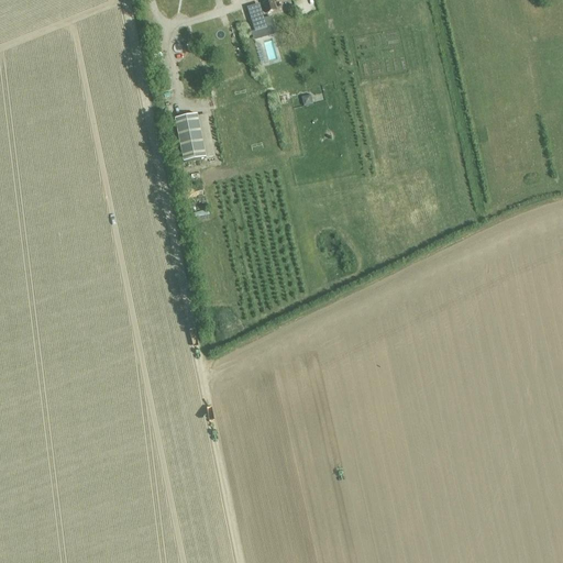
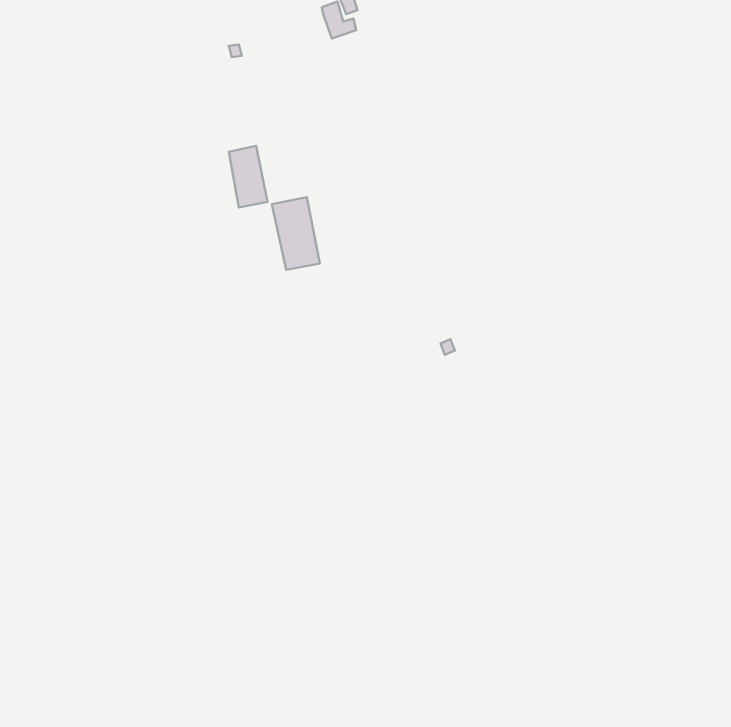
building: none -> [272,197,320,270]

